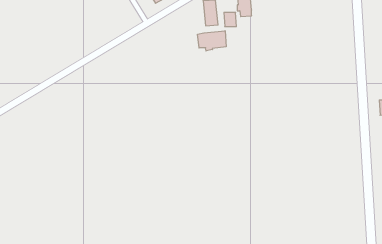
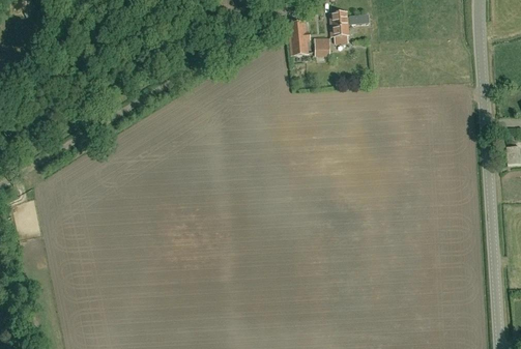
building: [198,31,226,51] -> none

